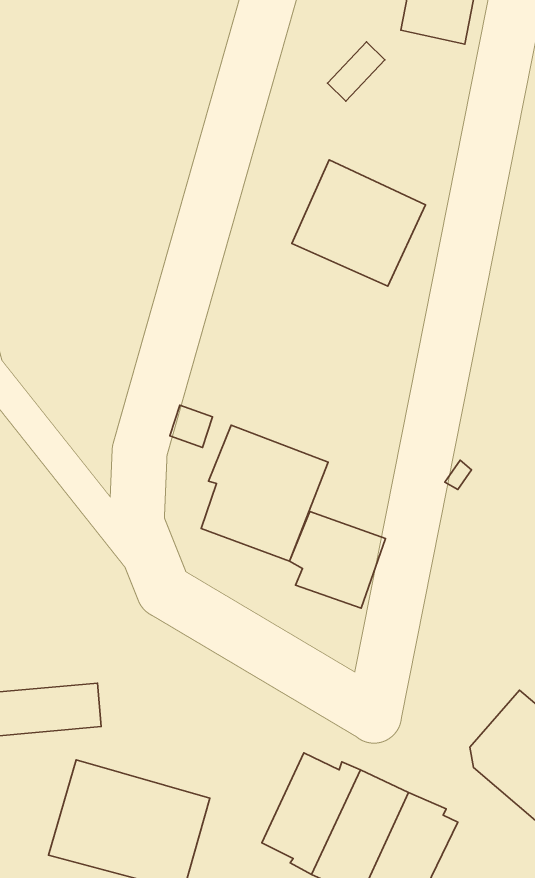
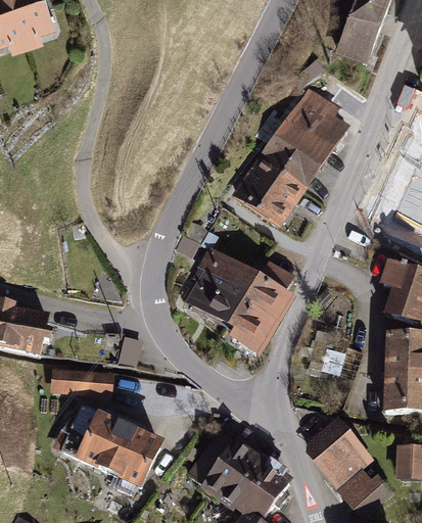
building: none -> [285,83,348,148]
building: none -> [230,156,304,227]
building: none -> [242,257,296,322]

